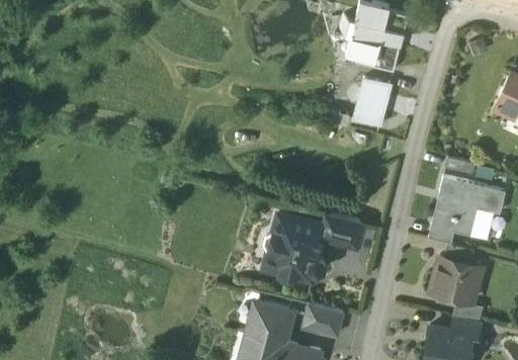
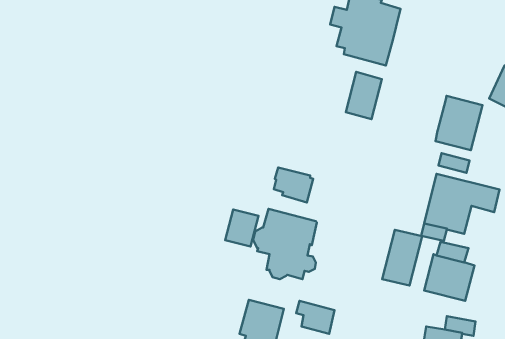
building: none -> [435,96,483,150]
building: none -> [225,210,258,246]
building: [324,214,362,249] -> [274,167,313,202]
building: none -> [382,230,422,285]

